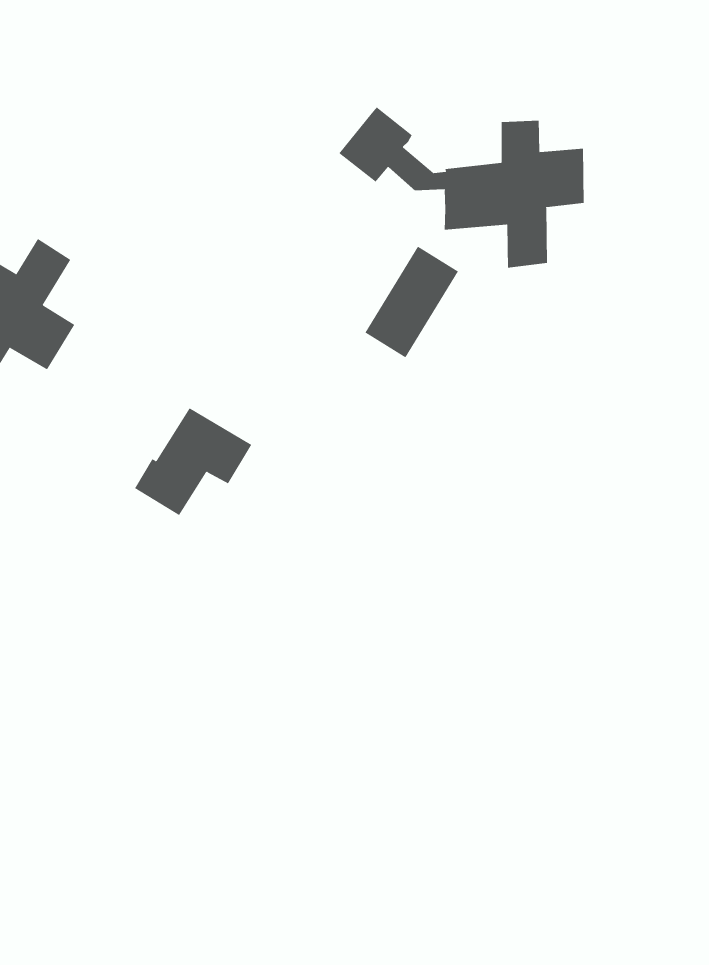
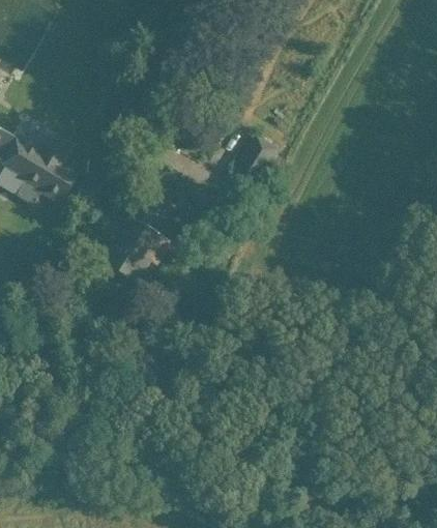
building: [338,107,584,269] -> none

